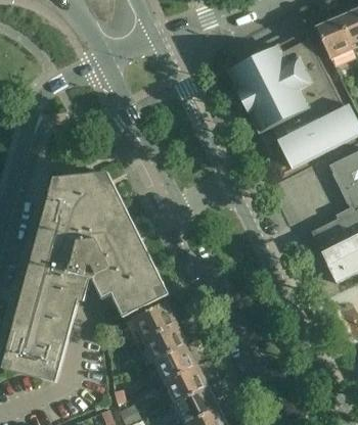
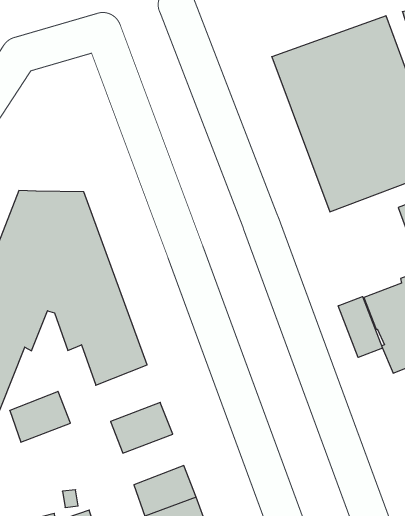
building: none -> [338,297,383,357]
building: [131,300,175,339] -> [10,391,70,442]
building: [152,343,196,382] -> none

